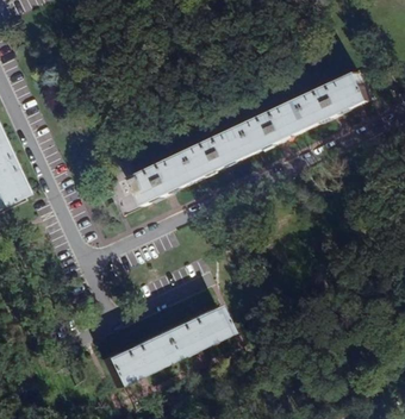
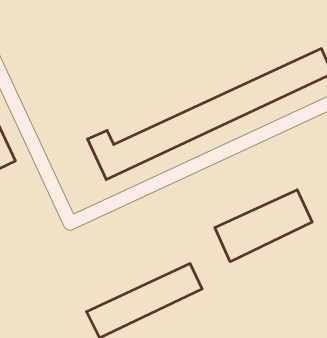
building: none -> [215,190,312,262]

